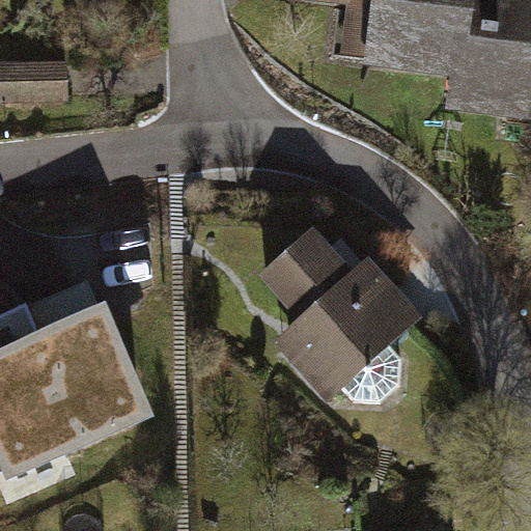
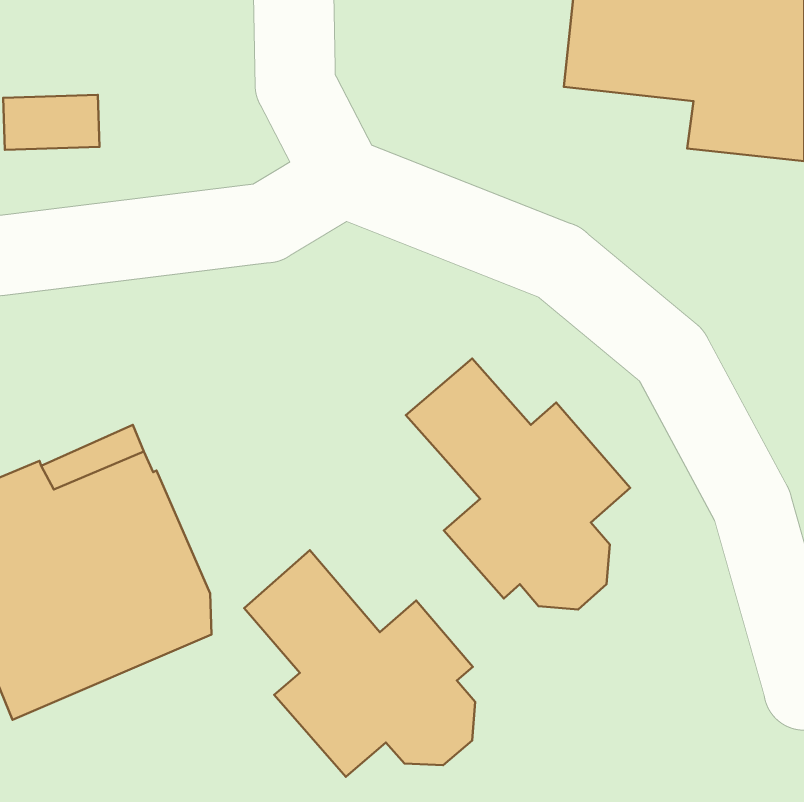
building: none -> [244,550,475,777]

